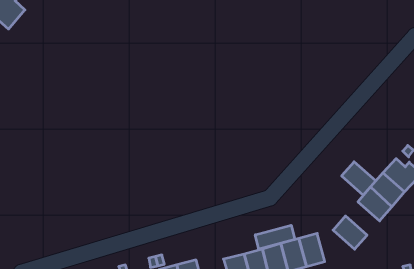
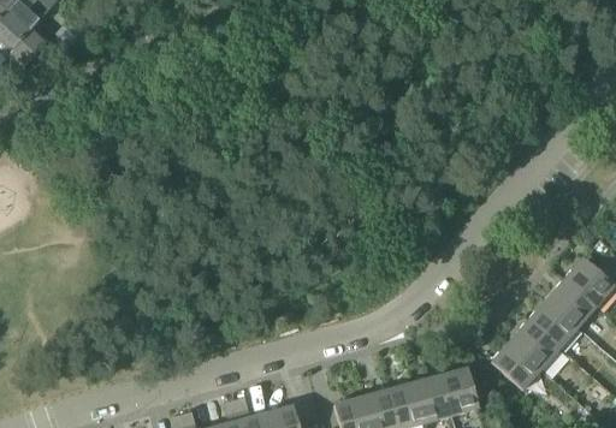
building: [342,162,376,195] -> [510,320,559,368]
building: [255,225,295,249] -> none

